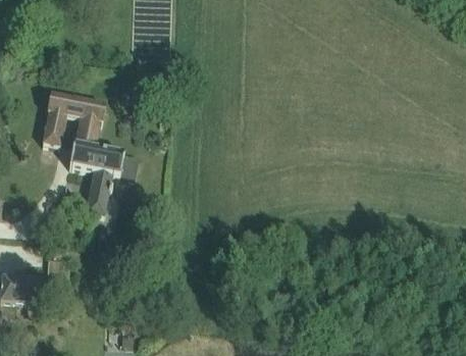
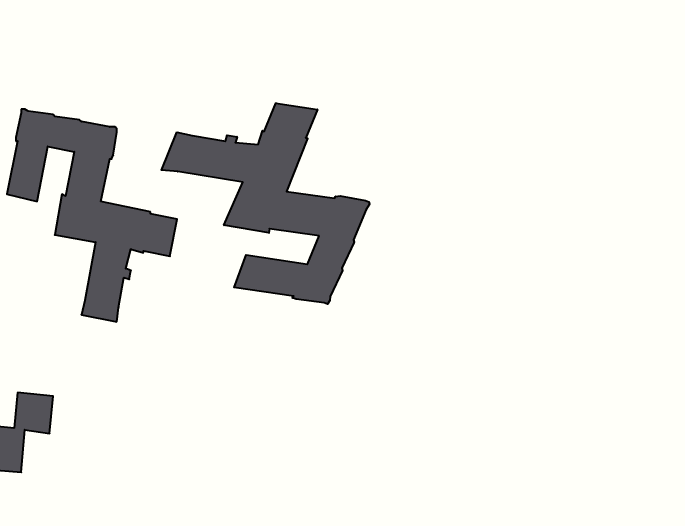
building: none -> [161,103,370,304]

